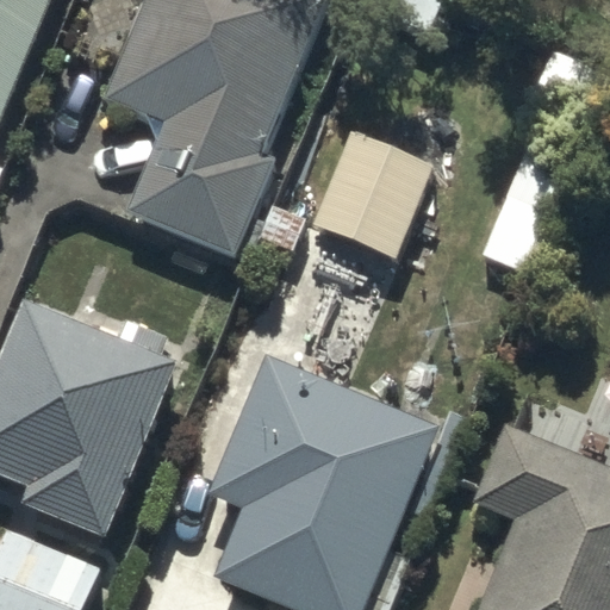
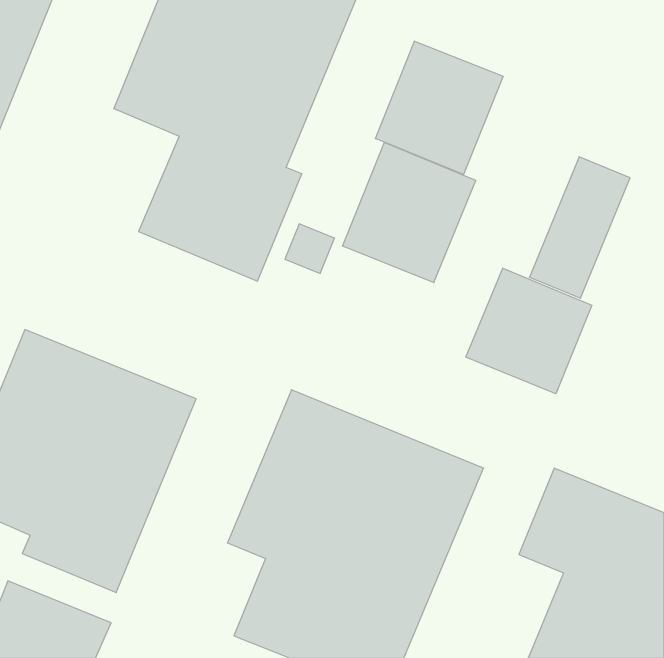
building: none -> [375,41,503,175]
building: none -> [466,268,592,394]

